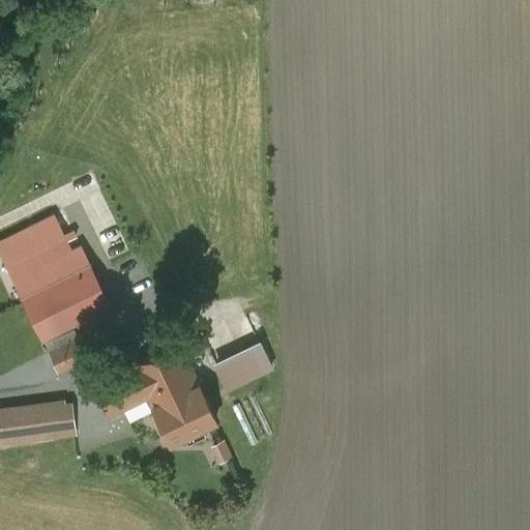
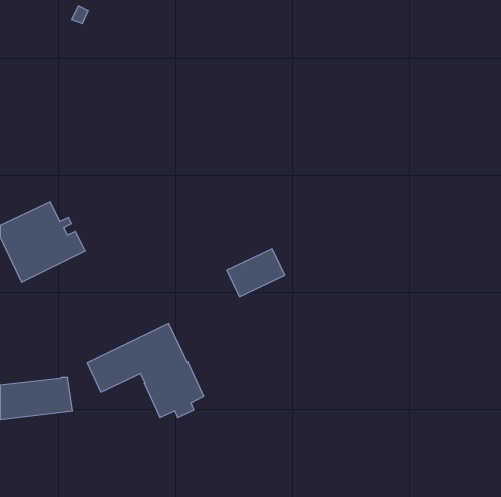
building: [23,269,109,341] -> none
building: [211,342,272,392] -> [227,249,285,297]

